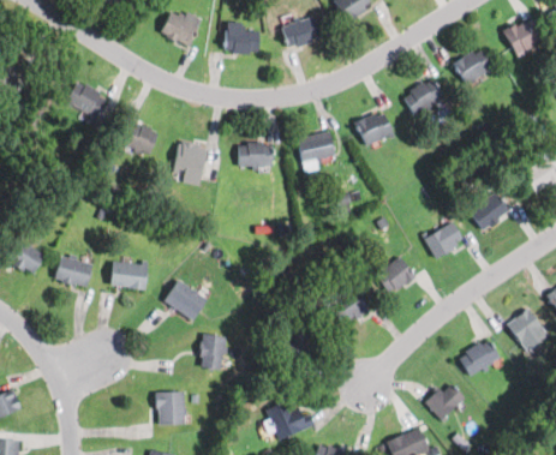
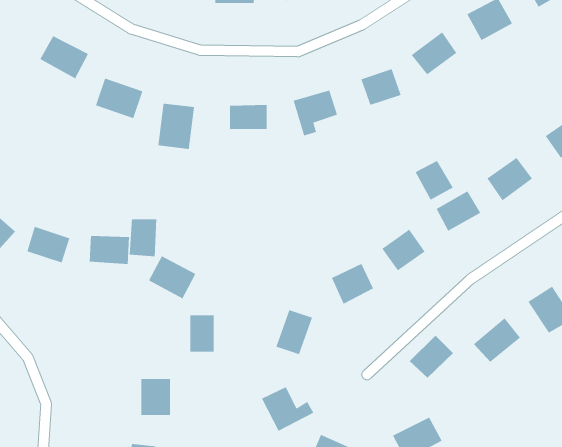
building: none -> [415,160,453,201]
building: none -> [129,218,157,257]
building: [426,381,467,420] -> [409,335,454,378]

